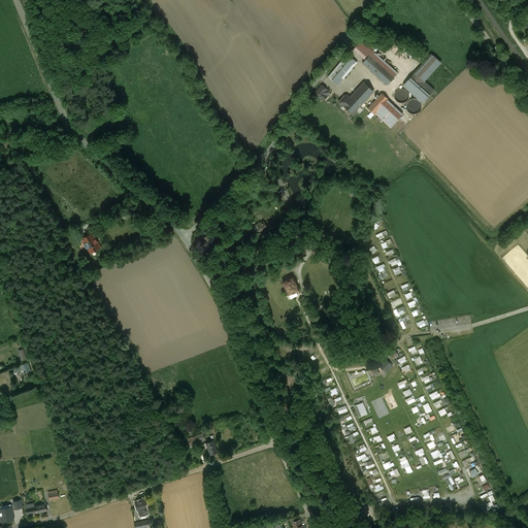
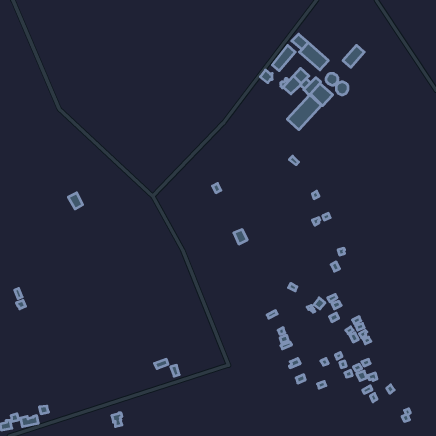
building: [403,73,433,103] -> none
building: none -> [287,95,322,130]

